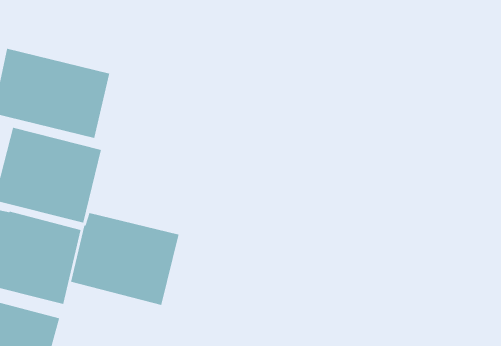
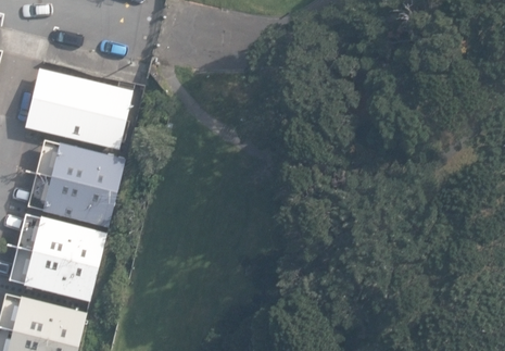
building: [70,212,180,306] -> none

